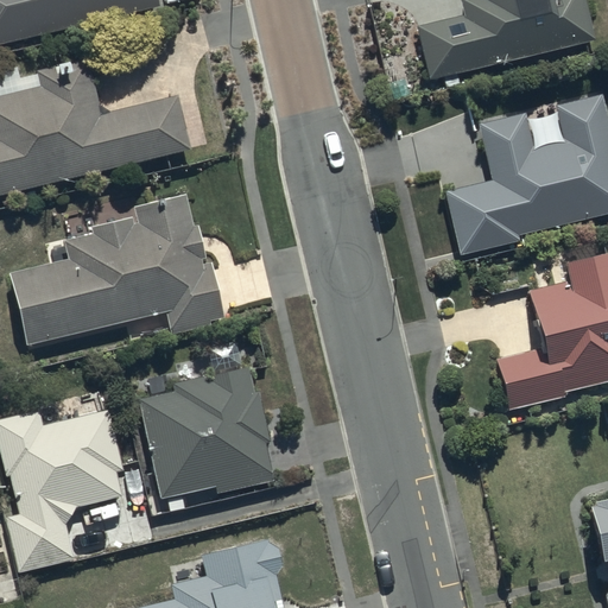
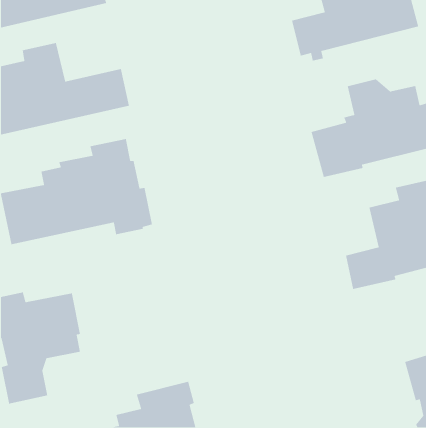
building: [137,365,274,498] -> none

